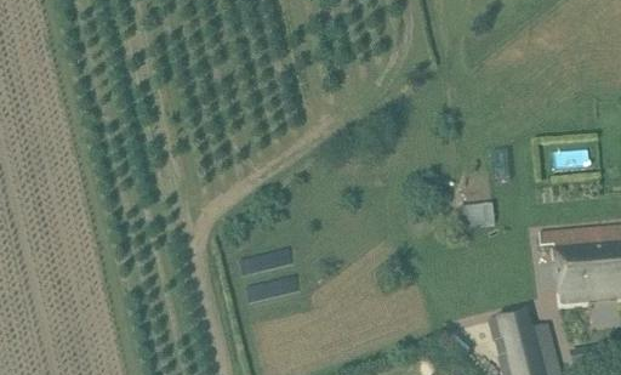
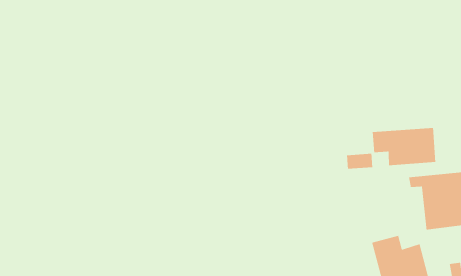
building: none -> [372,127,436,166]

